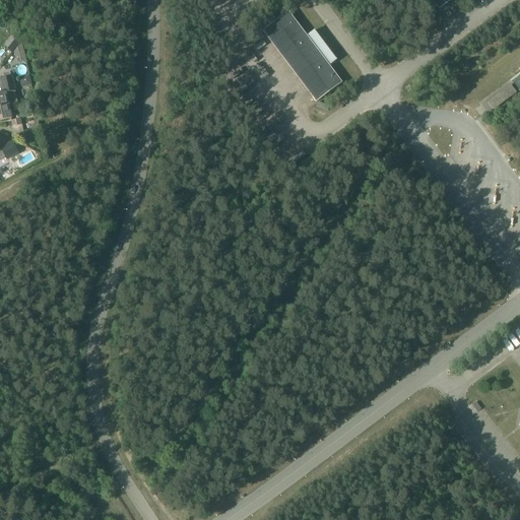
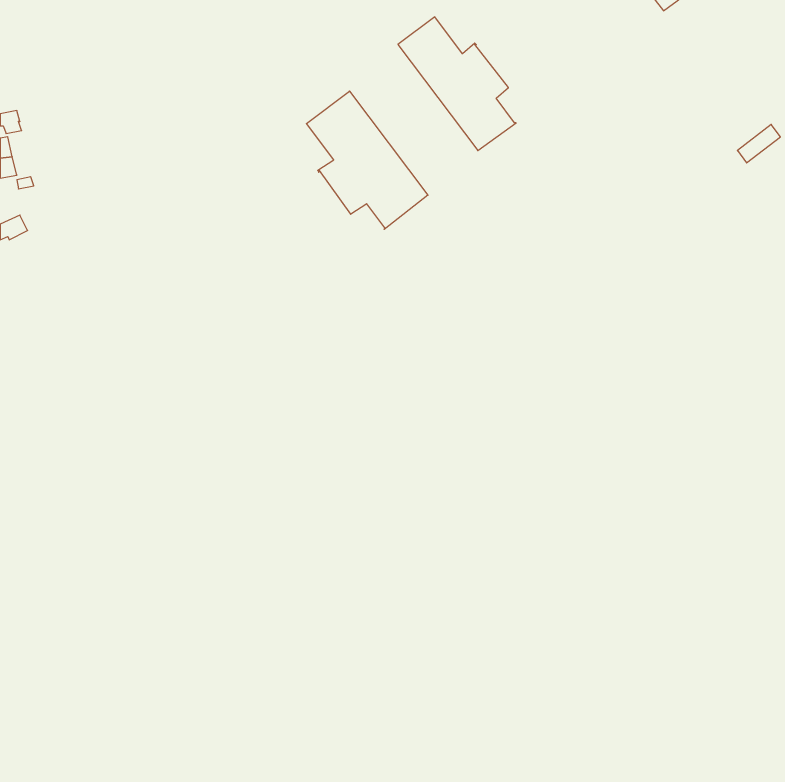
building: none -> [306,91,428,229]

